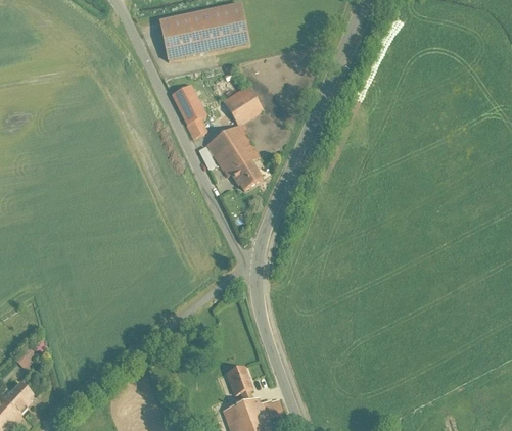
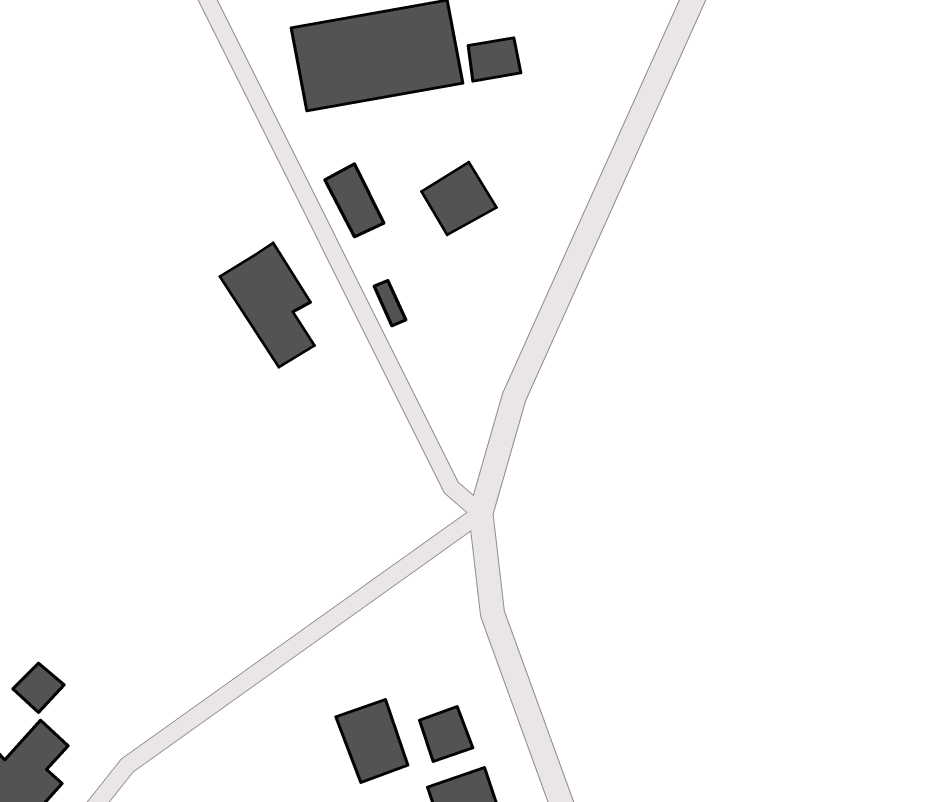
building: none -> [468,38,521,81]
building: [212,125,261,189] -> [220,243,315,367]
building: none -> [336,699,408,782]

